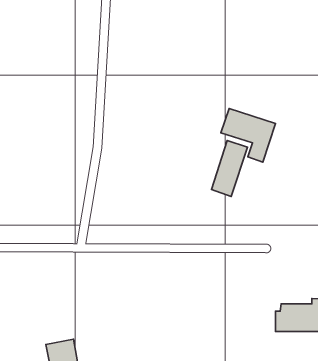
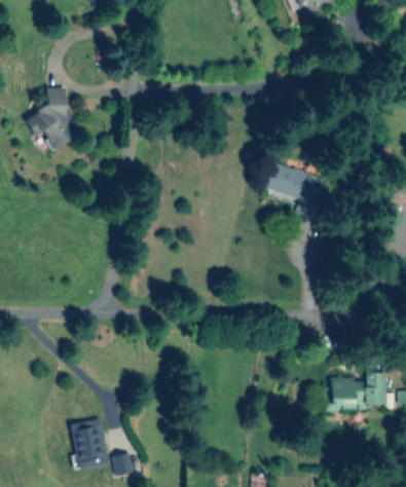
building: none -> [25,87,79,150]
building: [211,140,248,196] -> none

